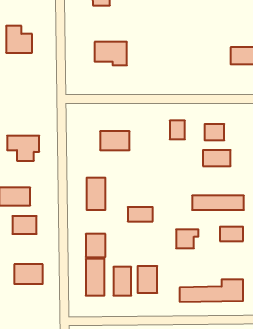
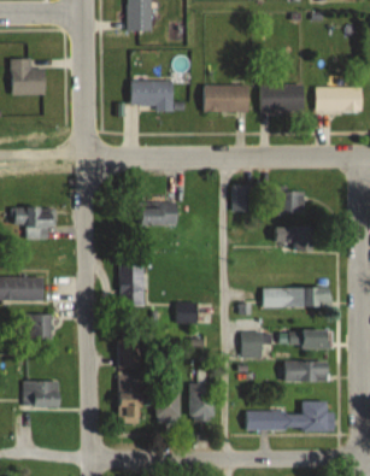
building: none -> [204,86,249,112]
building: none -> [259,86,304,111]
building: none -> [283,362,329,382]

